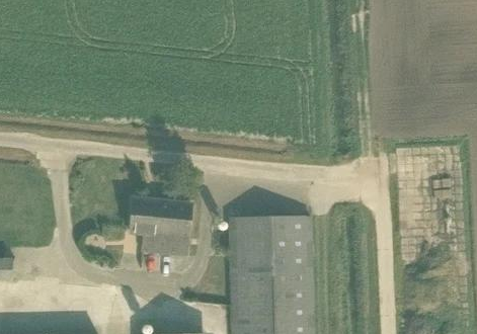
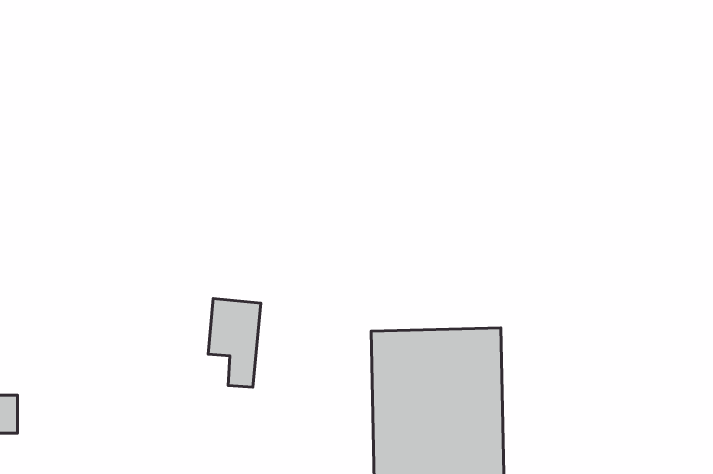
building: [158,202,191,257] -> none

